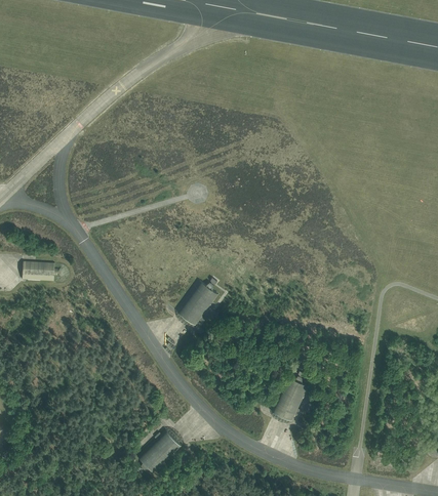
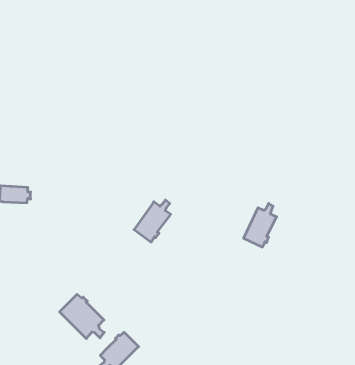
building: [272,373,310,423] -> [244,203,277,247]
building: none -> [60,294,104,339]

